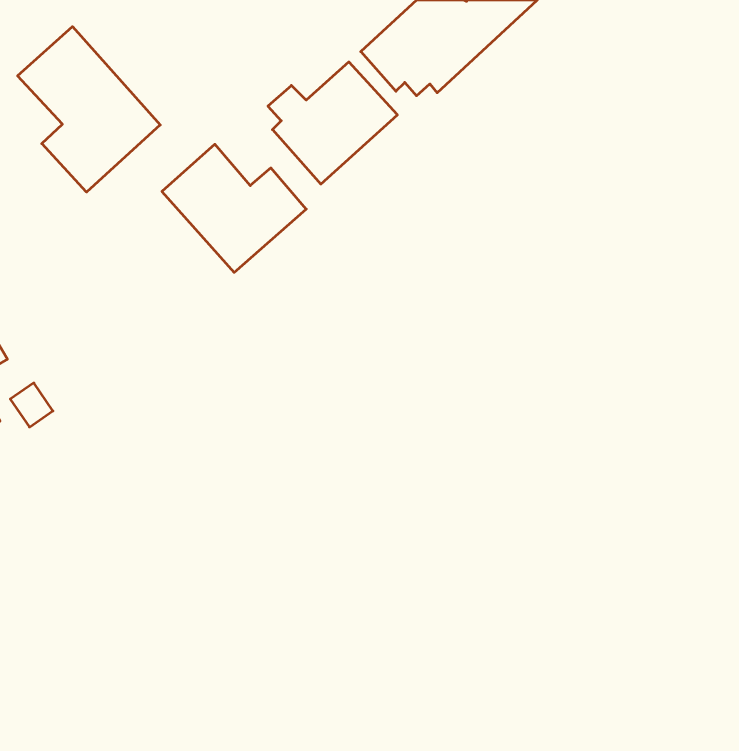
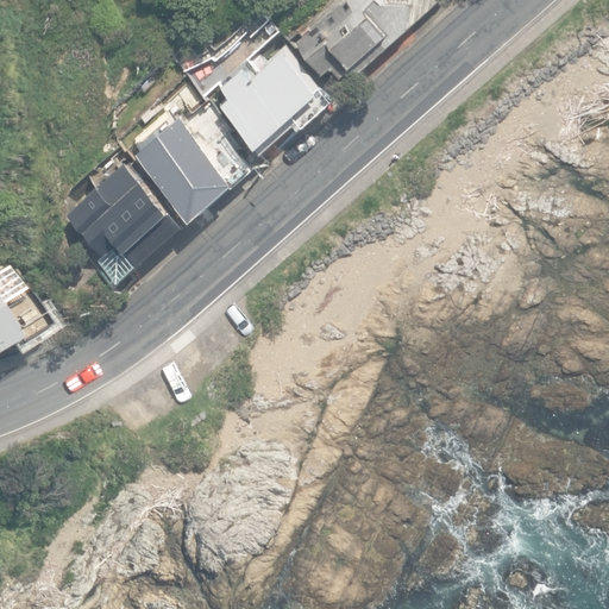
building: [18,27,160,192] -> none
building: none -> [64,163,181,285]

